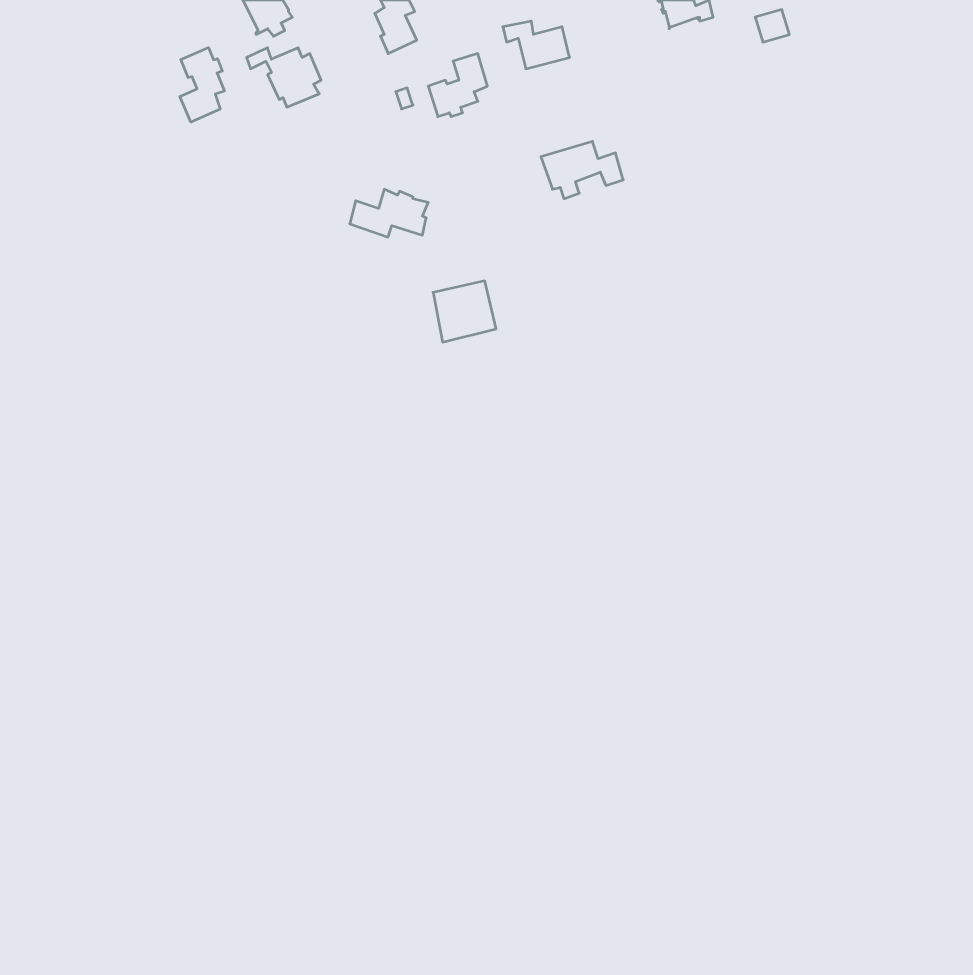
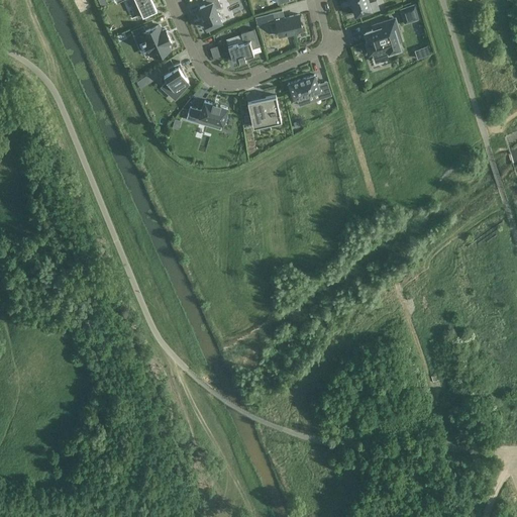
building: none -> [363,20,400,56]
building: [180,48,224,122] -> none
building: none -> [162,63,187,98]
building: [433,281,496,342] -> [246,96,280,128]

